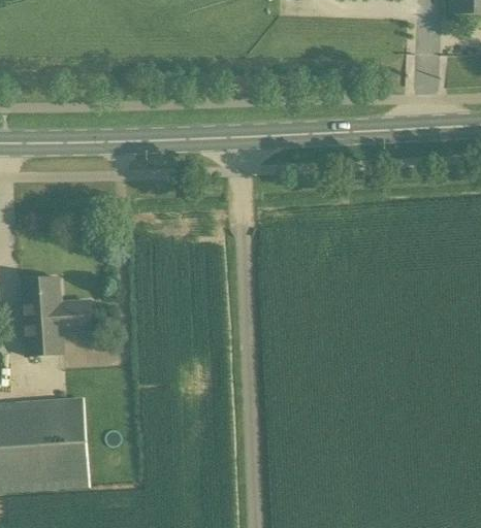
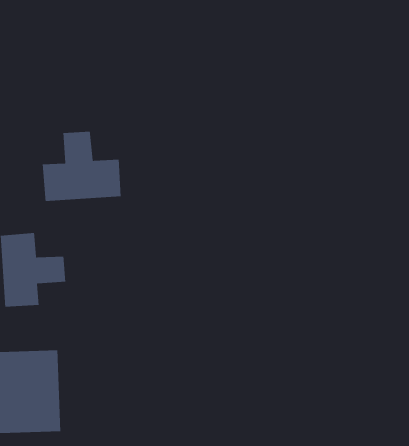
building: none -> [42,131,121,202]

